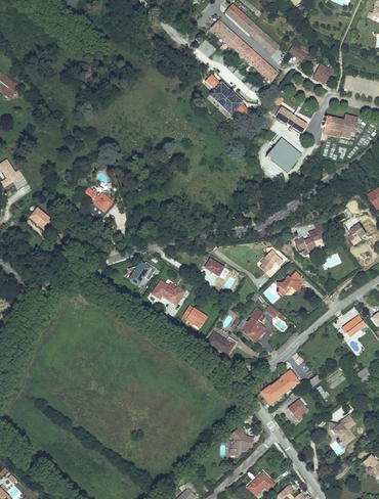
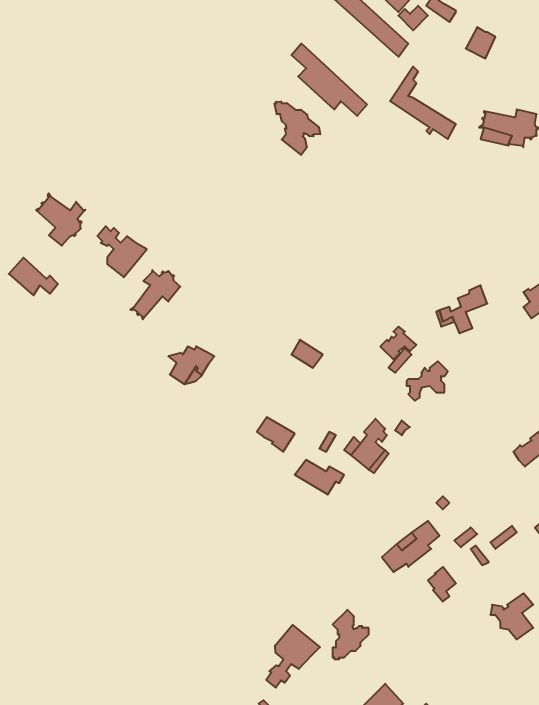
building: none -> [274,101,320,155]
building: [267,137,302,171] -> none
building: none -> [36,193,85,246]
building: none -> [130,270,180,319]
building: [152,280,184,305] -> none
building: none -> [266,625,320,688]

